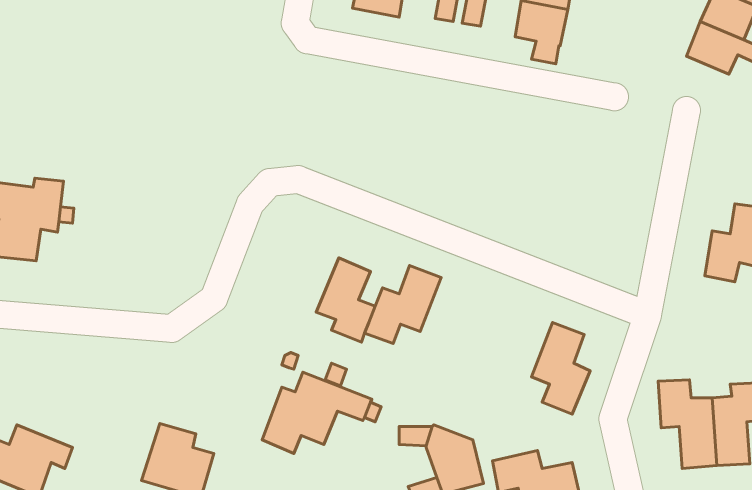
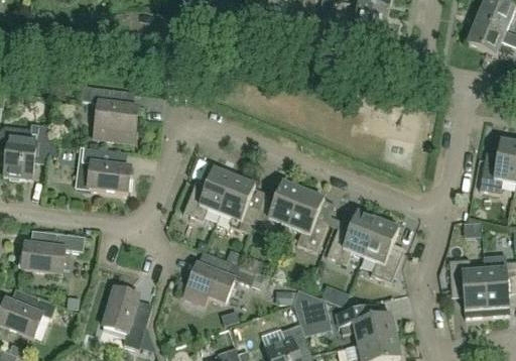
building: none -> [80,84,138,142]
building: none -> [82,145,131,191]
building: none -> [183,167,235,218]
building: none -> [289,189,328,250]
building: none -> [327,211,378,262]
building: none -> [22,229,85,271]

